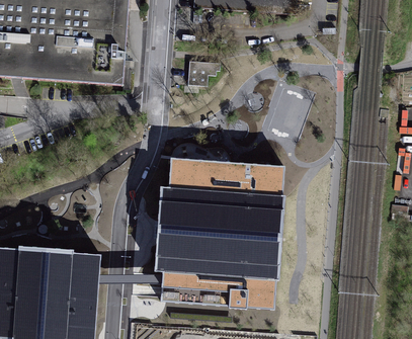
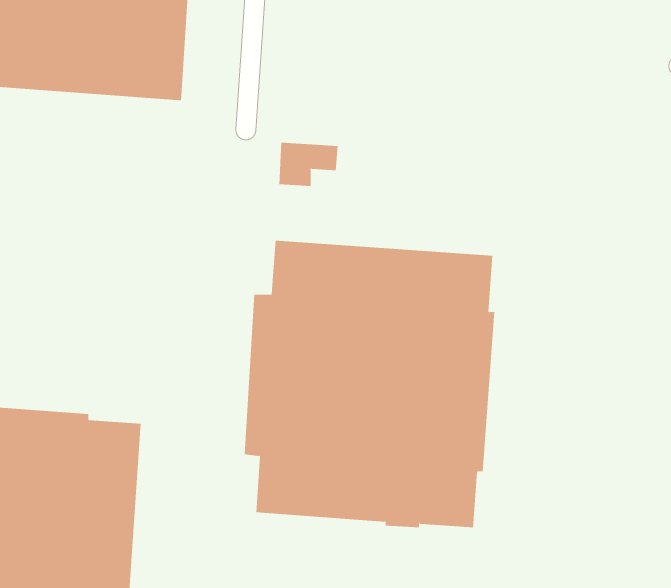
building: [189,61,221,84] -> [279,142,339,186]

